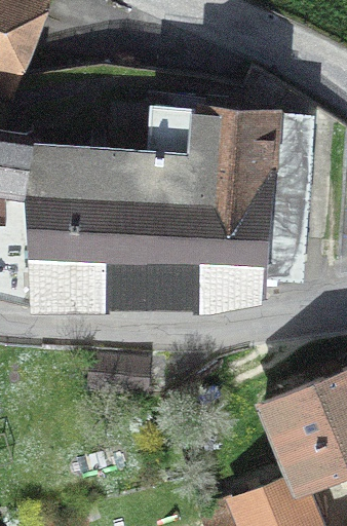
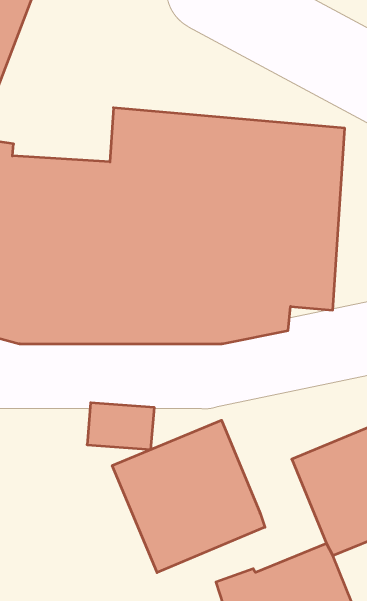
building: none -> [112,420,265,573]

